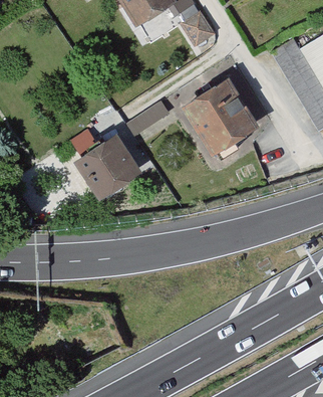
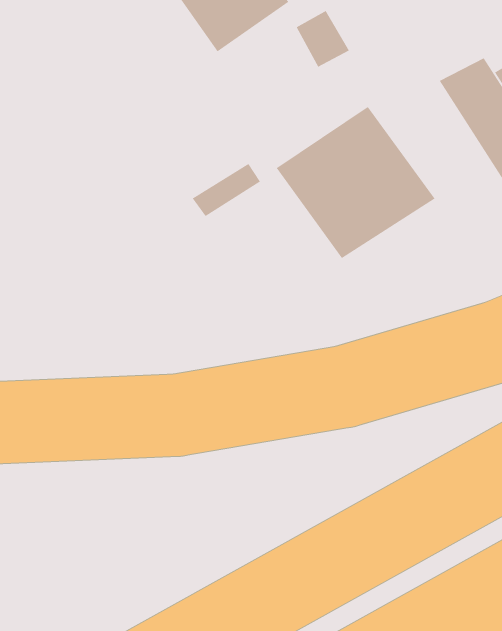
building: [69,124,143,196] -> none

